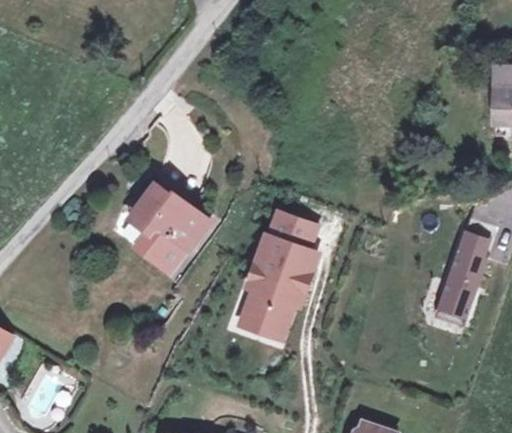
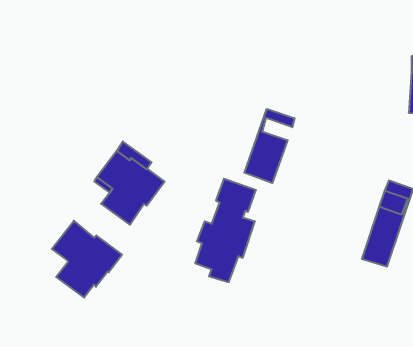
building: none -> [244,109,294,183]
building: none -> [52,221,122,298]

